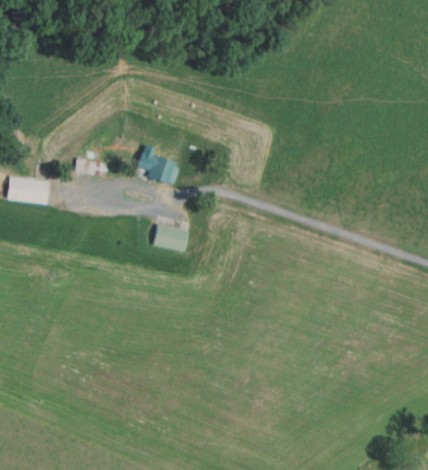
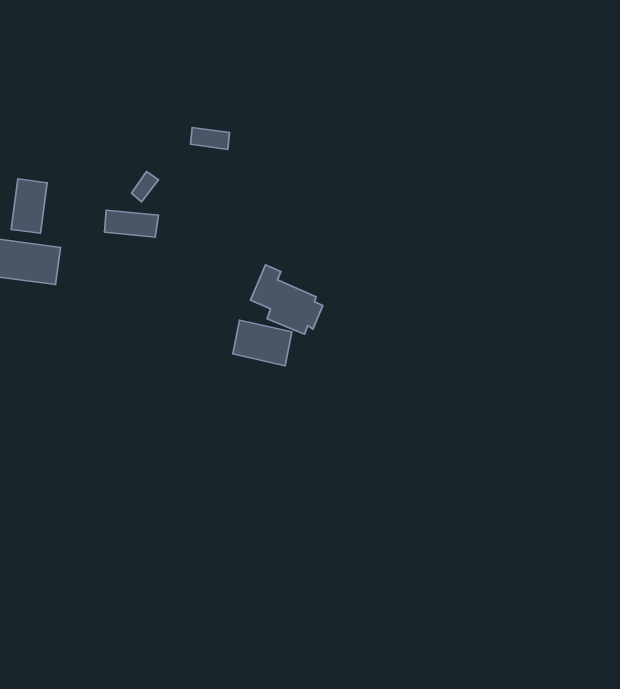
building: none -> [11,179,47,233]
building: [137,144,181,186] -> [250,265,323,334]

